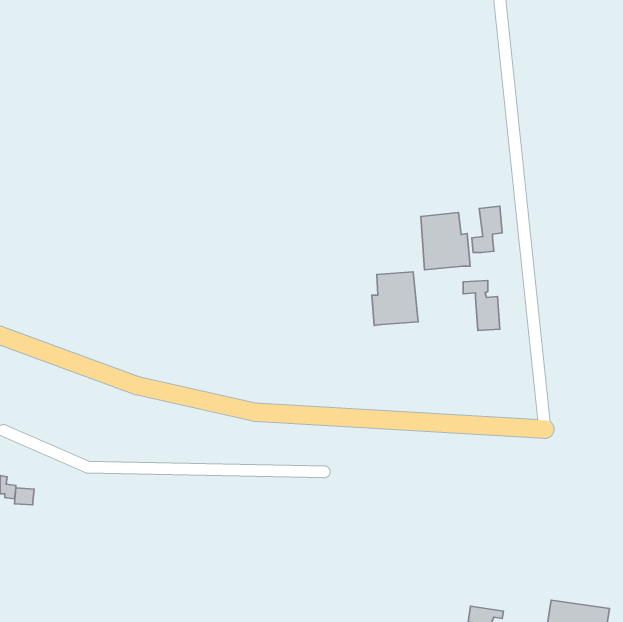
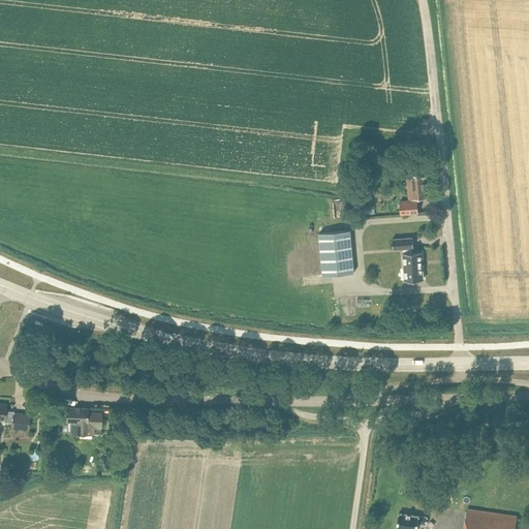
building: [421,213,470,270] -> none
building: none -> [62,408,102,433]

